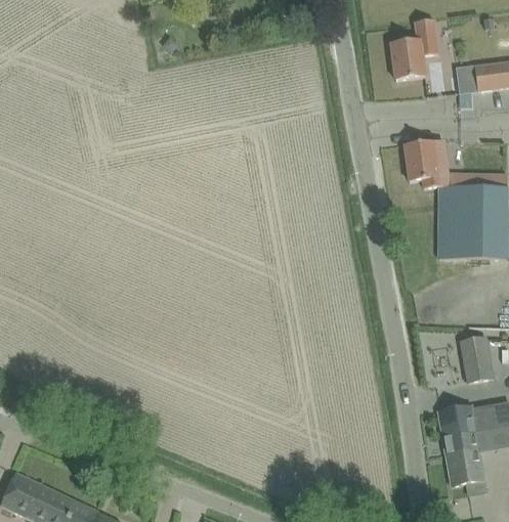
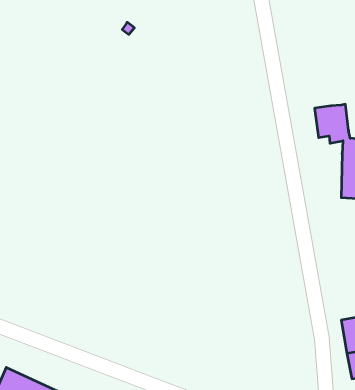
building: [391,20,438,80] -> none

